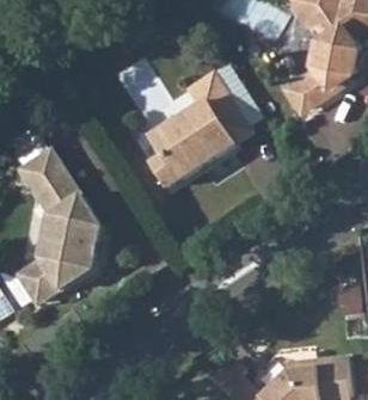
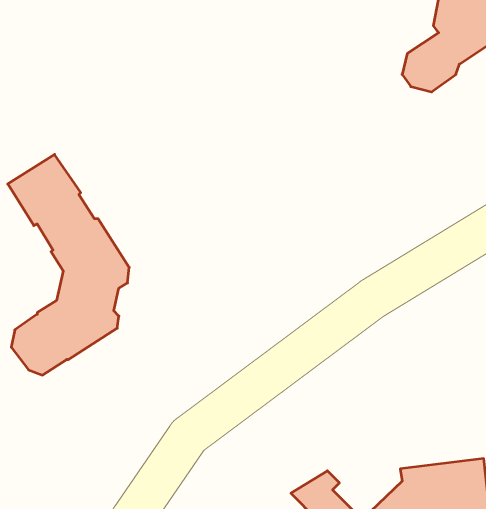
building: [149,73,245,185] -> none

